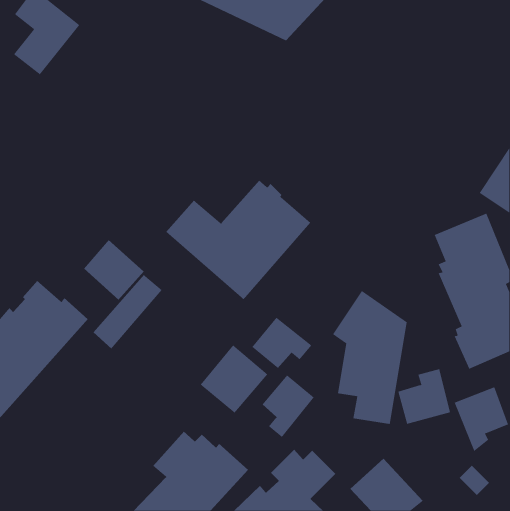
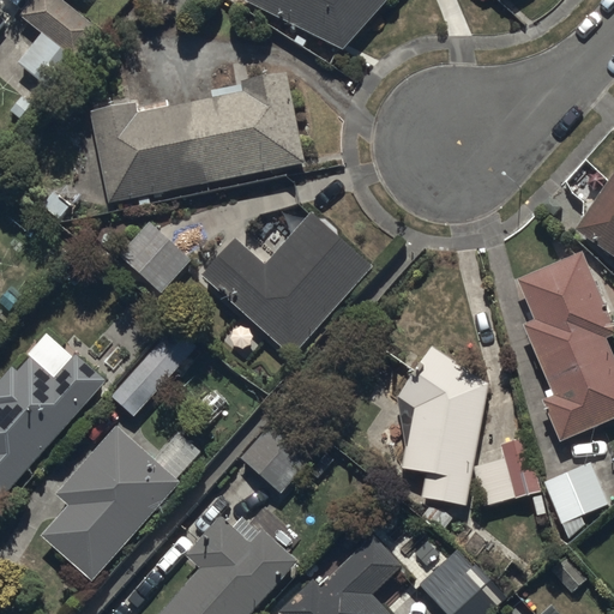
building: none -> [89,72,306,201]
building: [83,239,145,301] -> [116,222,189,295]
building: [252,317,312,369] -> none
building: none -> [40,426,200,582]
building: [262,374,315,438] -> none

